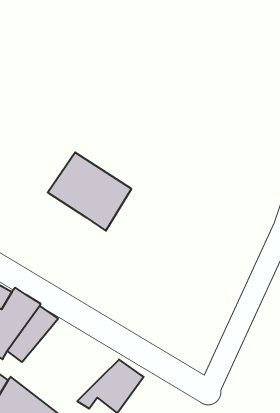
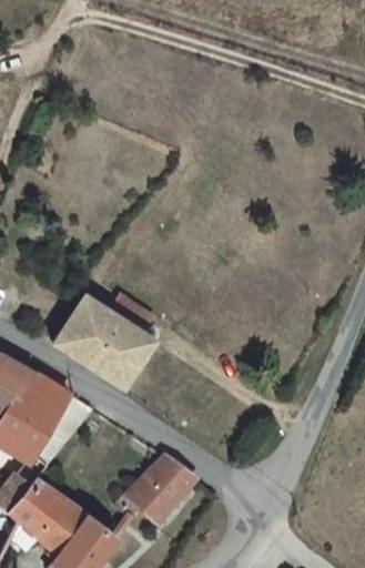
building: [48,152,131,231] -> [53,294,155,389]

